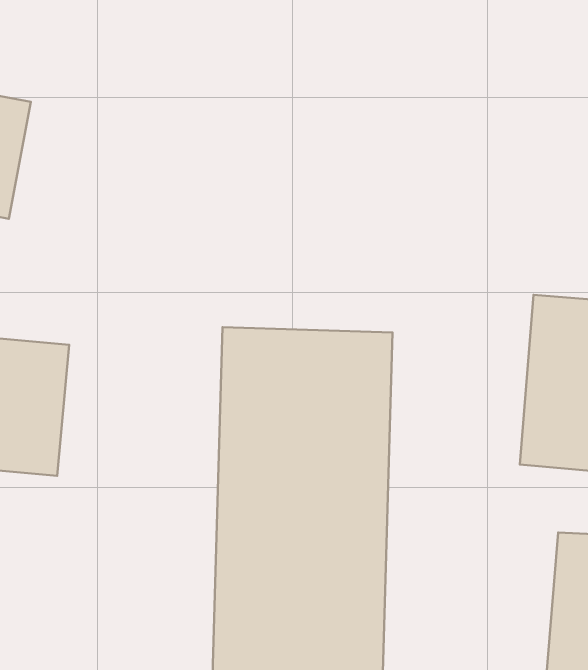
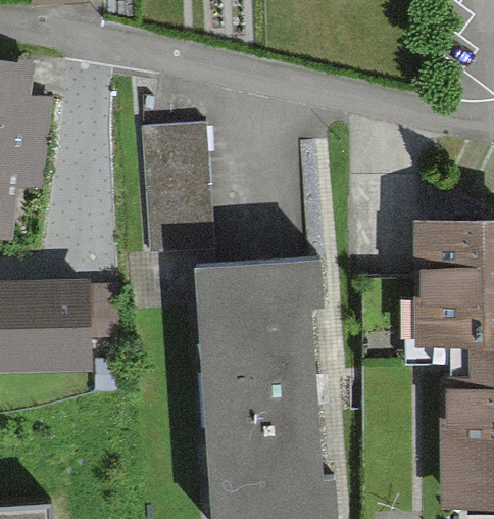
building: none -> [142,128,207,252]

